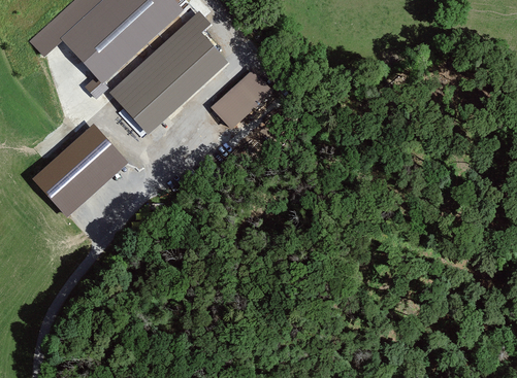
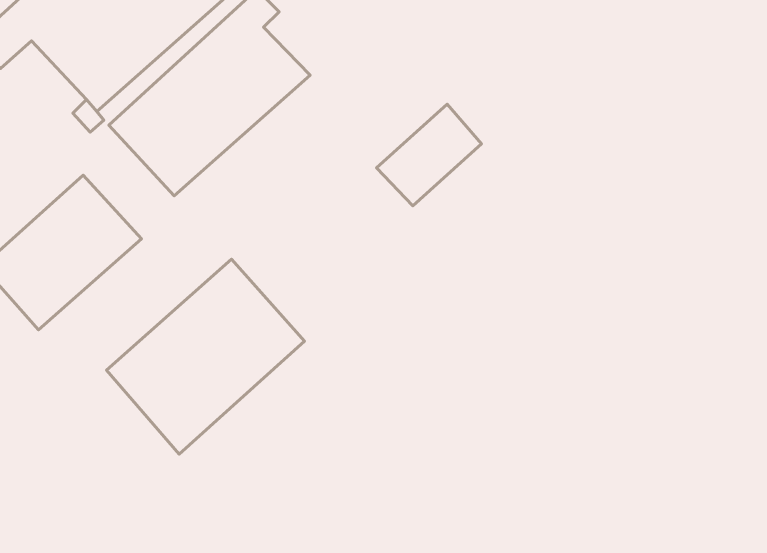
building: [211,70,273,131] -> [377,104,481,206]
building: none -> [106,259,305,454]

